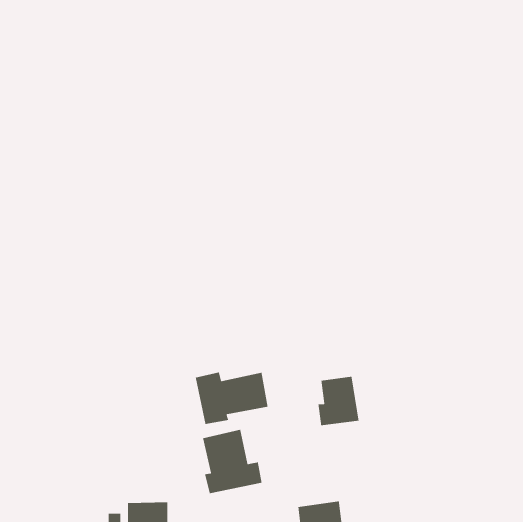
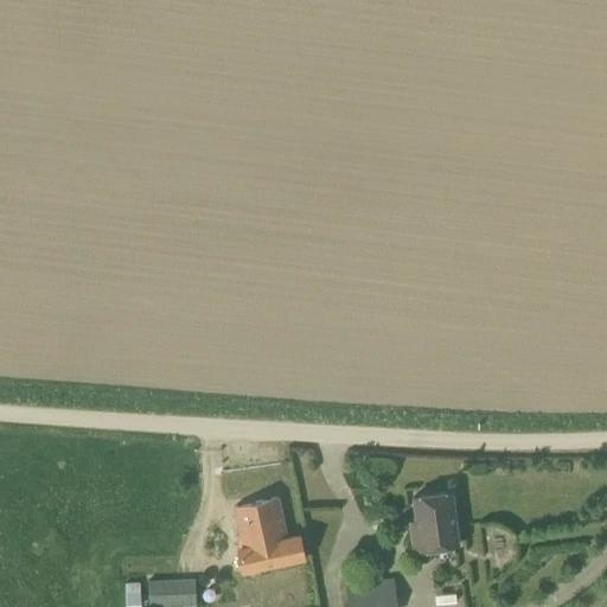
building: [195,372,268,425] -> none
building: [317,376,360,426] -> [410,496,459,554]

